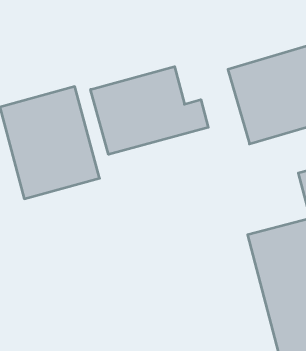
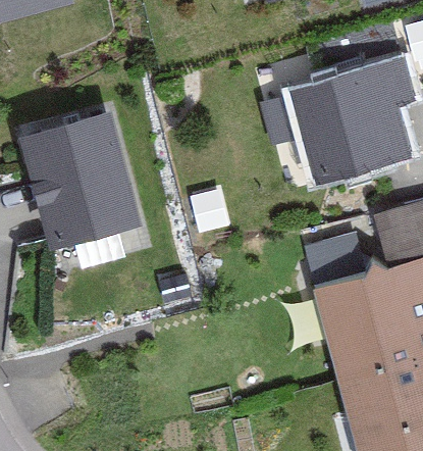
building: [91,67,208,154] -> none

